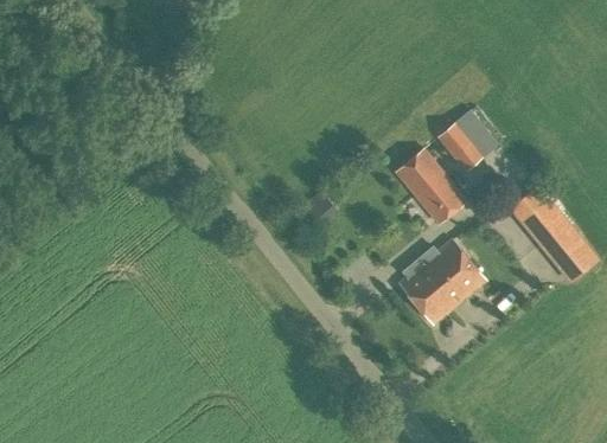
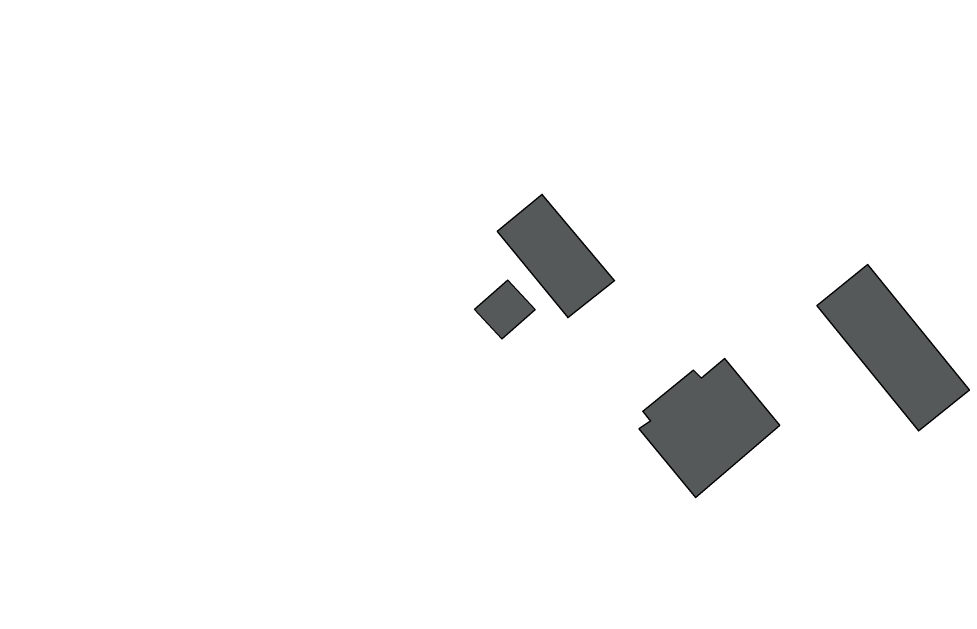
building: [437,111,498,172] -> none
building: [396,149,467,224] -> [497,194,615,318]

